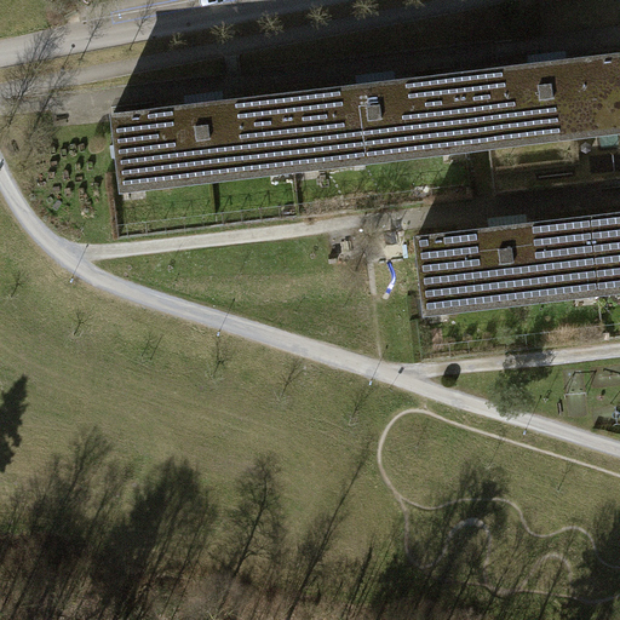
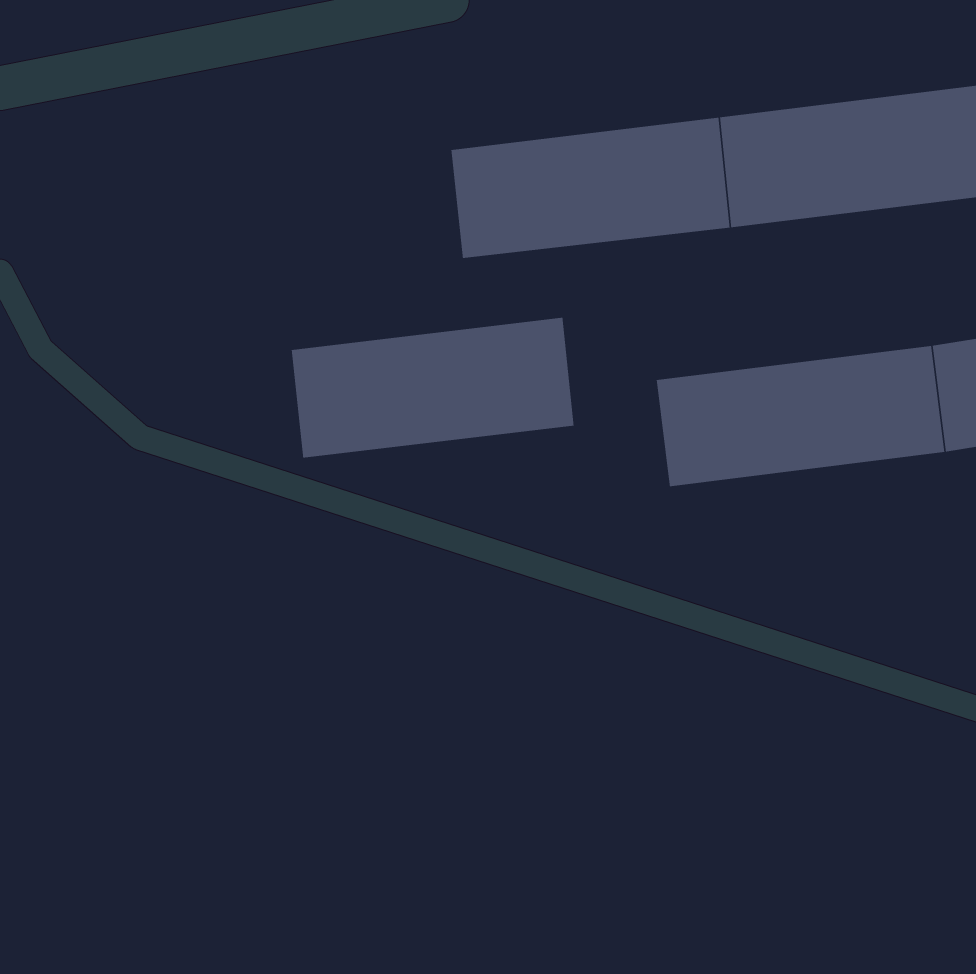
building: [115,98,294,188] -> [291,317,575,459]

